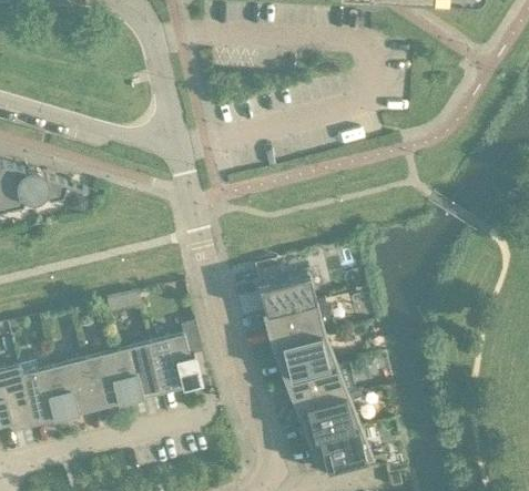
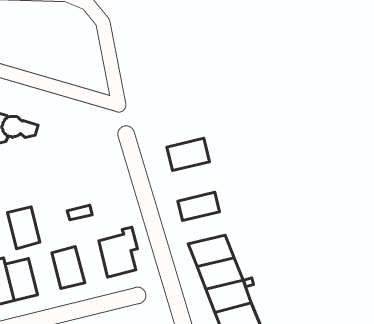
building: [264,303,323,347] -> [167,138,210,171]
building: [116,342,161,400] -> none
building: [52,359,96,417] -> [8,207,40,249]

